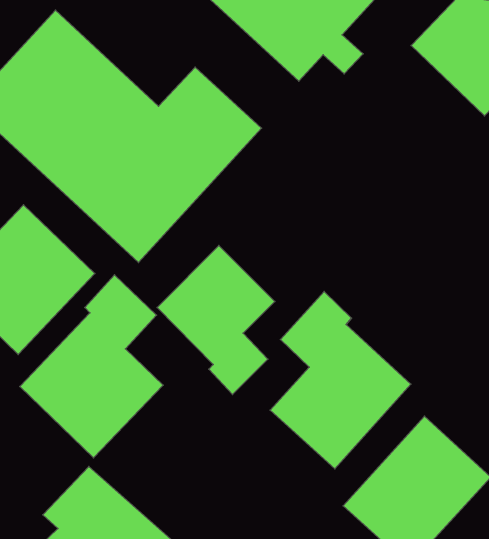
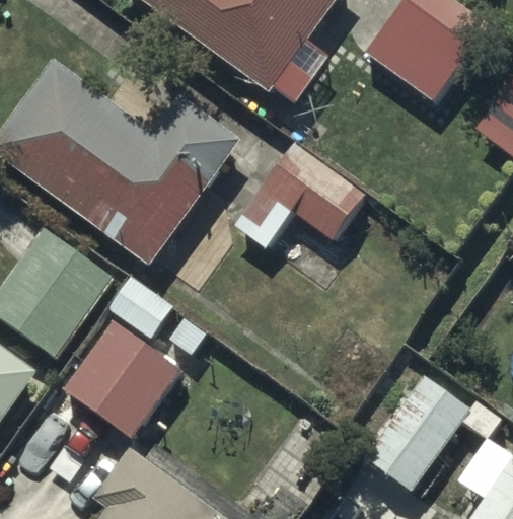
building: none -> [231,140,371,247]
building: [157,245,275,395] -> none
building: [270,292,411,469] -> none

